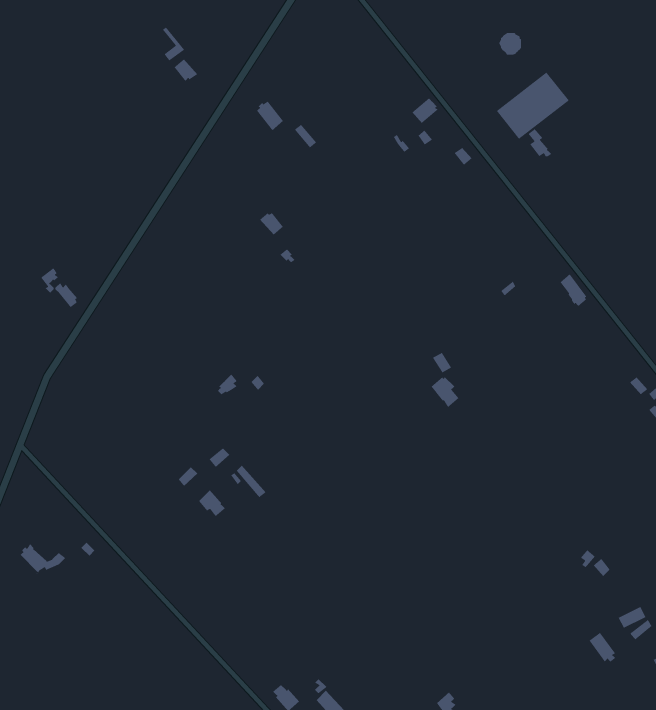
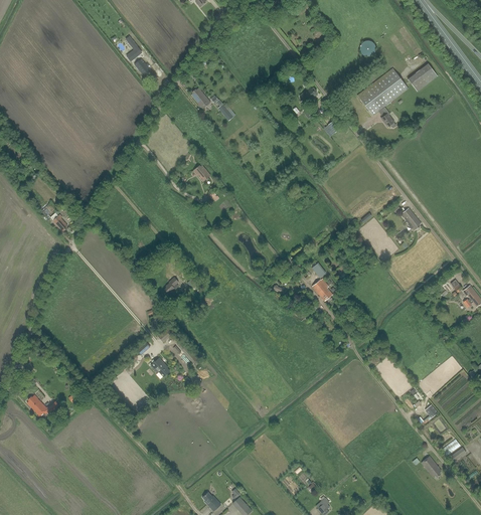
building: none -> [408,63,438,92]

